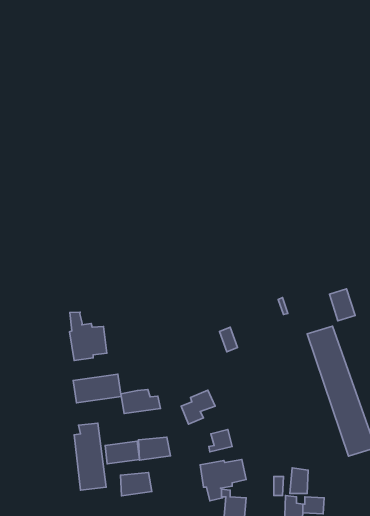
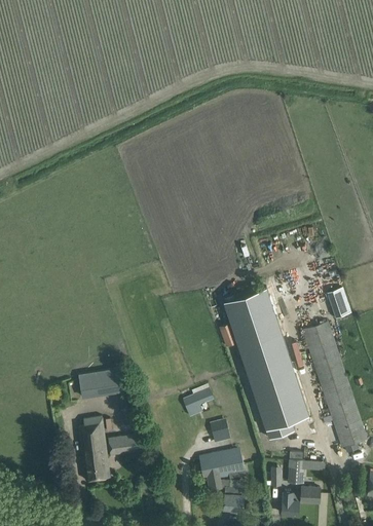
building: none -> [226,292,310,442]
building: [69,312,107,361] -> none
building: [121,389,160,414] -> none
building: [138,437,170,460] -> none
building: [120,472,152,496] -> none

